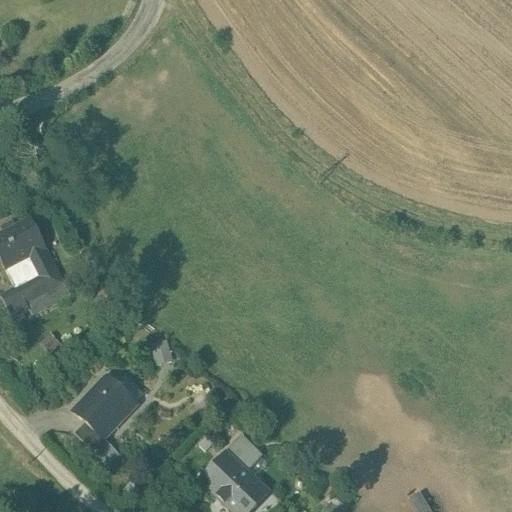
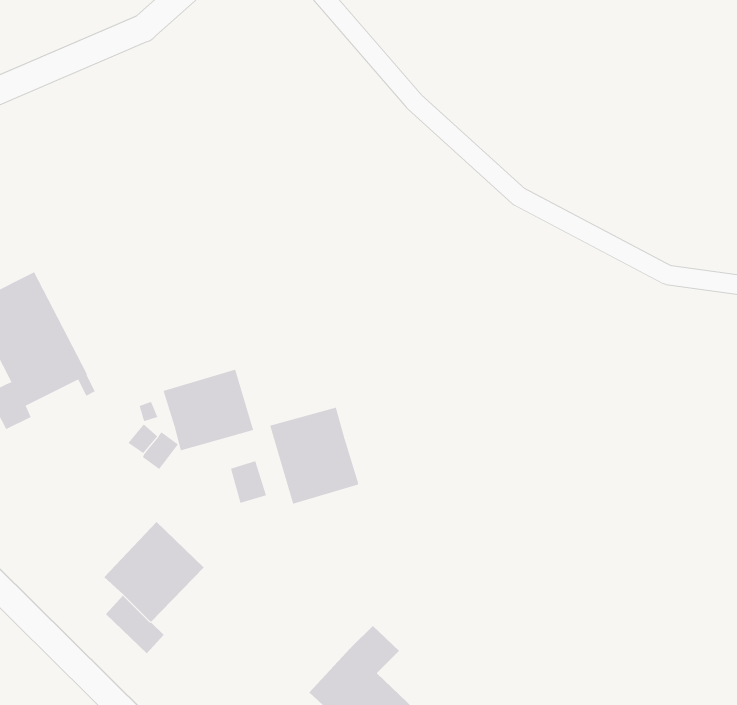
building: none -> [163,369,254,451]
building: none -> [270,407,359,505]

